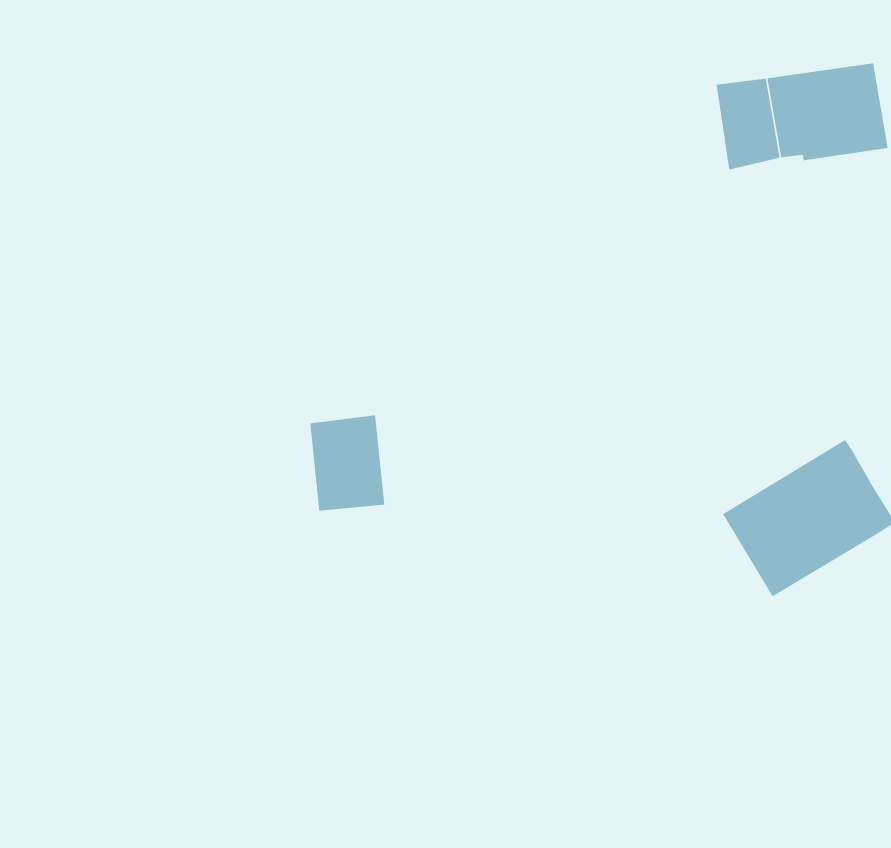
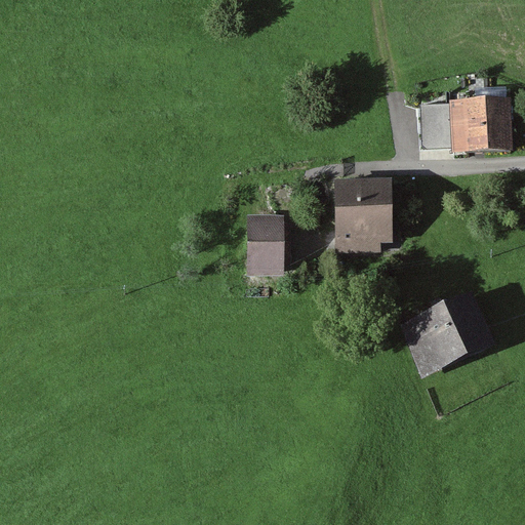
building: none -> [336,183,388,250]
building: [309,415,385,511] -> [247,223,283,270]

